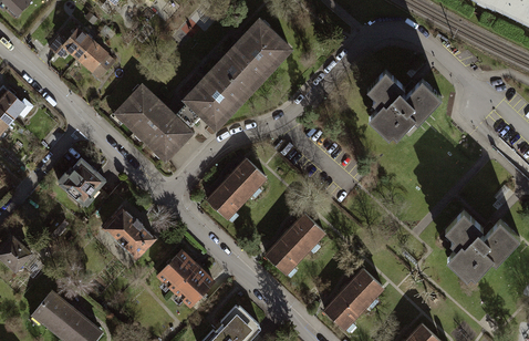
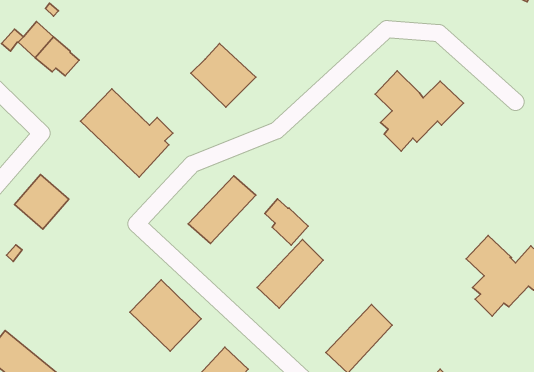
building: [234,20,289,75] -> none
building: [180,72,239,127] -> none
building: none -> [265,199,308,245]
building: [104,207,158,259] -> none

